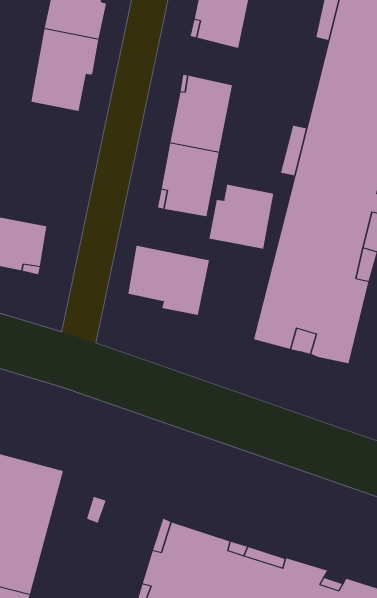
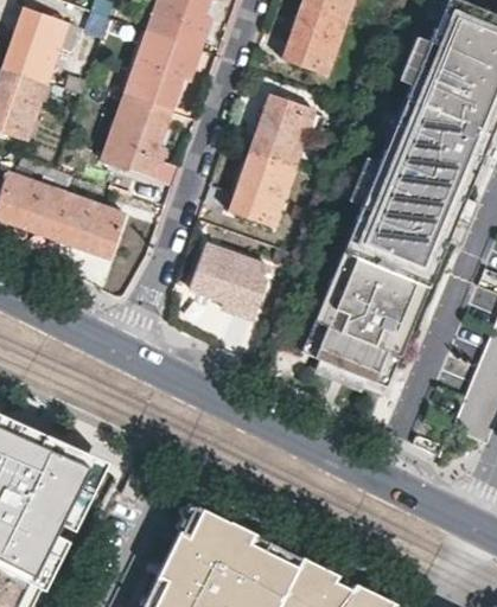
building: none -> [104,100,171,183]
building: [209,184,274,250] -> none

